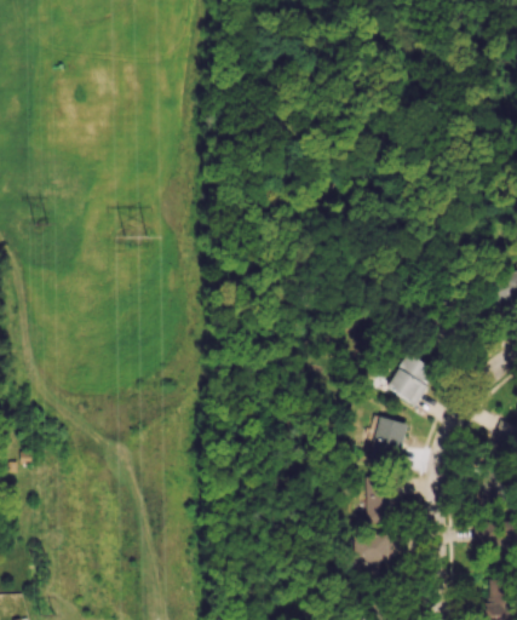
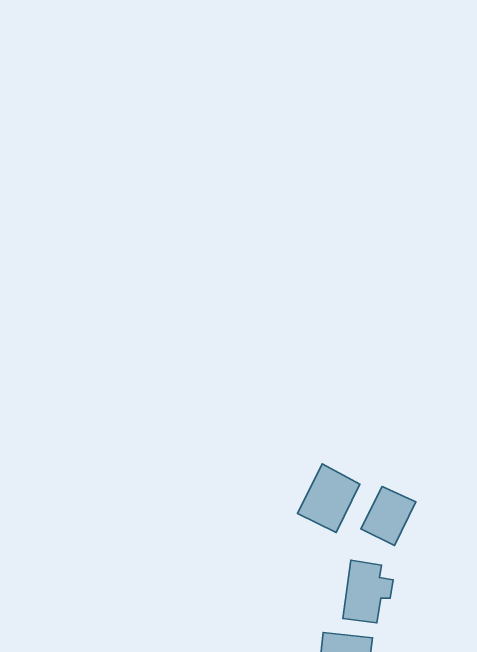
building: [387,354,431,406] -> none
building: none -> [297,464,360,533]

